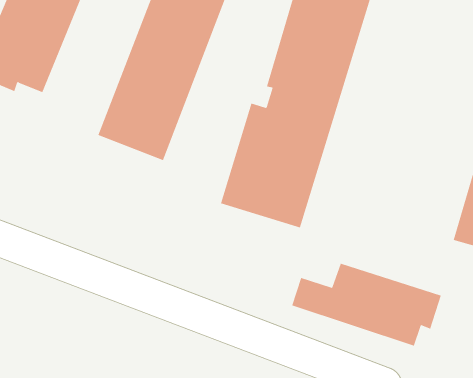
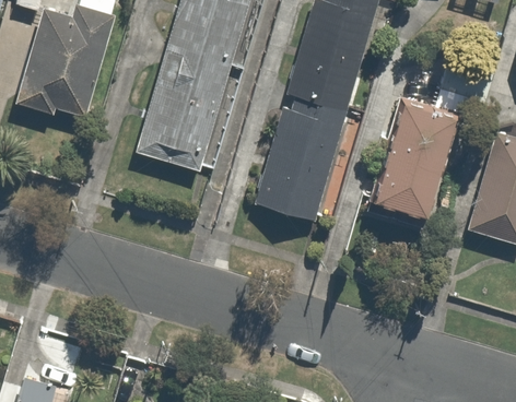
building: none -> [371,100,457,216]
building: [291,263,442,347] -> none

